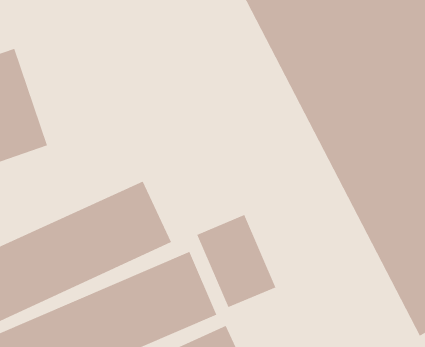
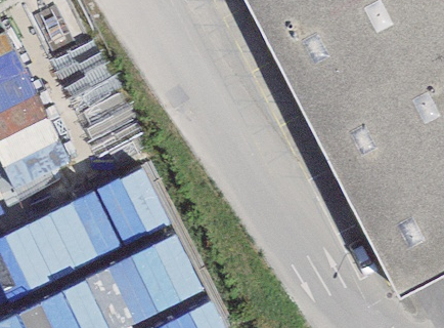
building: [197,214,276,308] -> none

